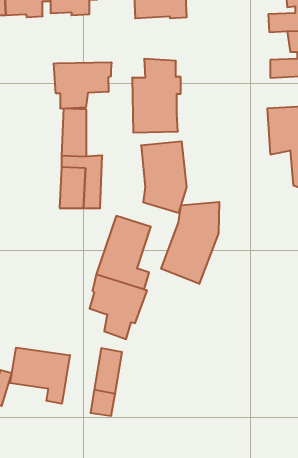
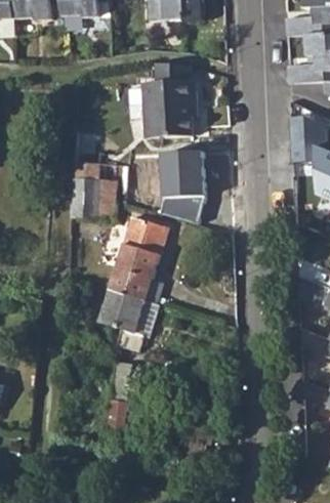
building: [54,62,112,109] -> none
building: [161,202,219,284] -> none
building: [10,348,70,404] -> none

